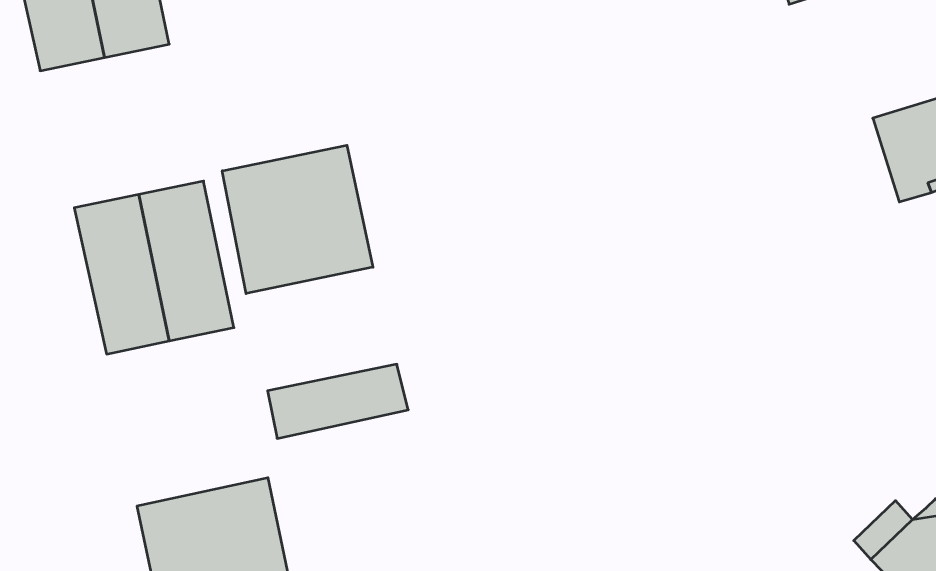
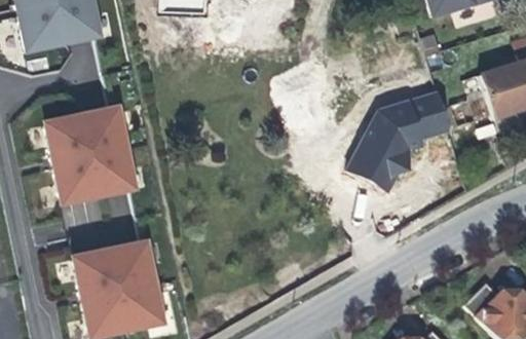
building: none -> [353,88,457,178]
building: [222,145,373,294] -> none
building: [268,364,408,438] -> [76,244,152,285]

